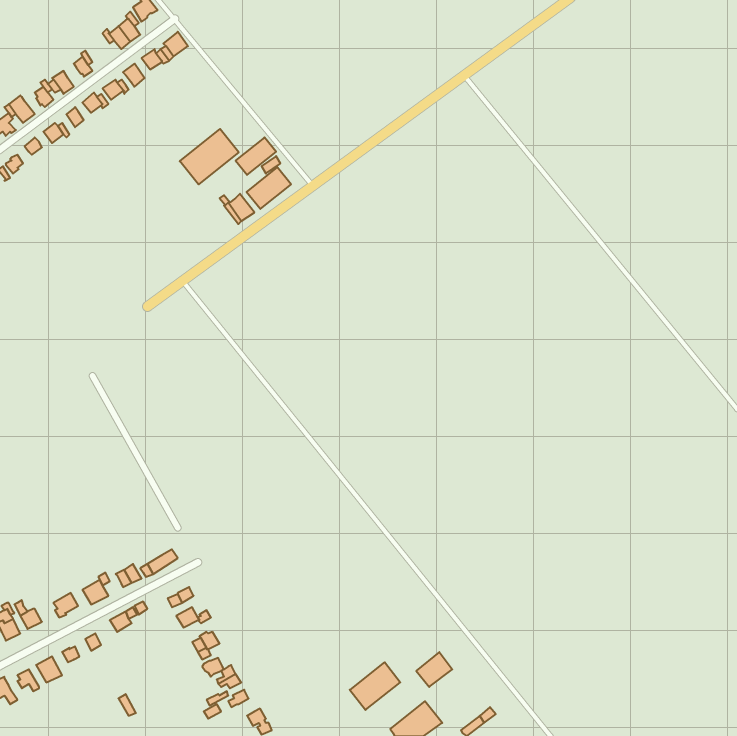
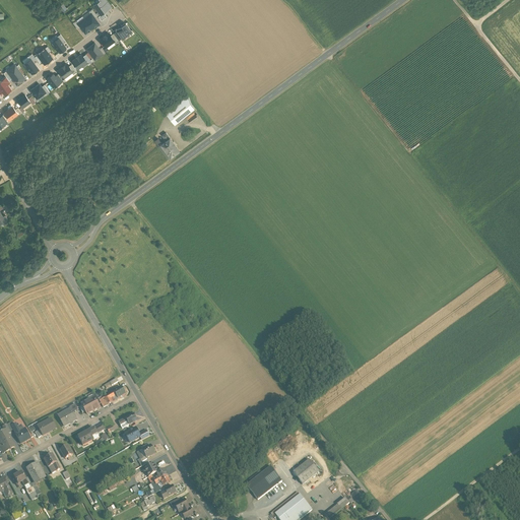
building: [180,129,239,184] -> none
building: [247,167,291,209] -> none

